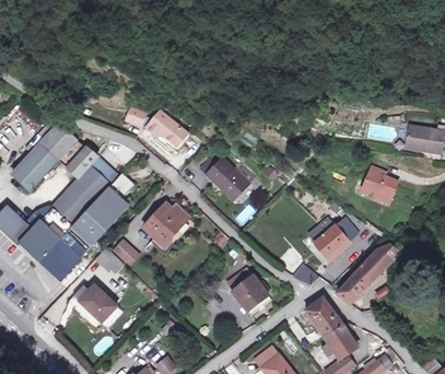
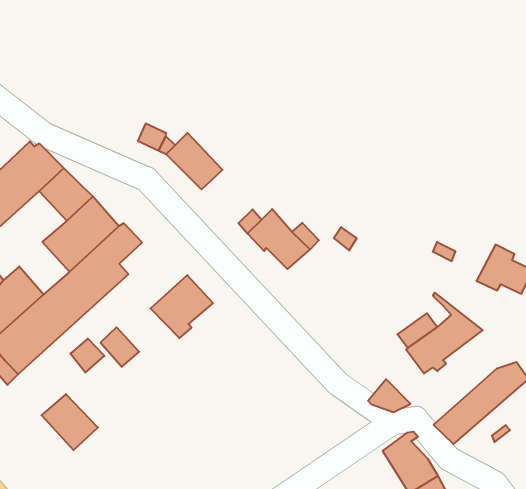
building: [52,188,87,223] -> none
building: [227,271,271,317] -> none

